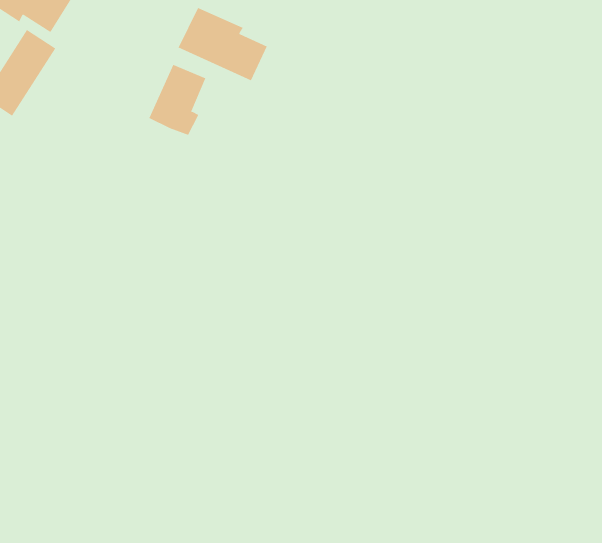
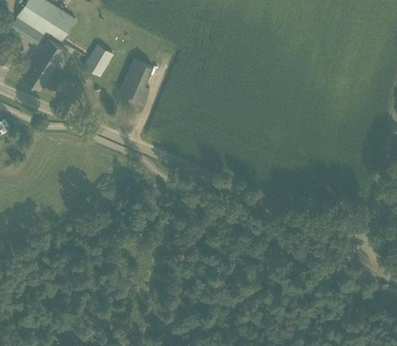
building: [178,7,268,81] -> none
building: none -> [84,44,115,76]

